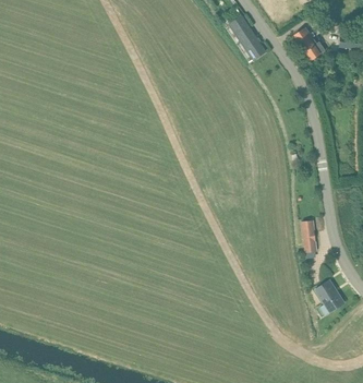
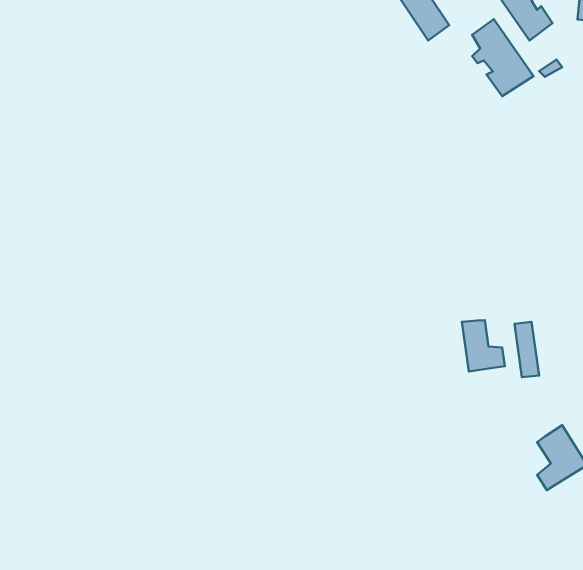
building: none -> [472,19,533,96]
building: none -> [462,320,505,371]

